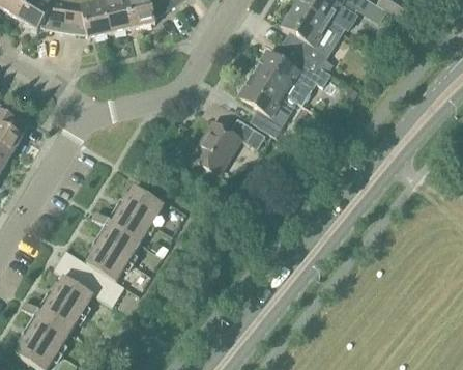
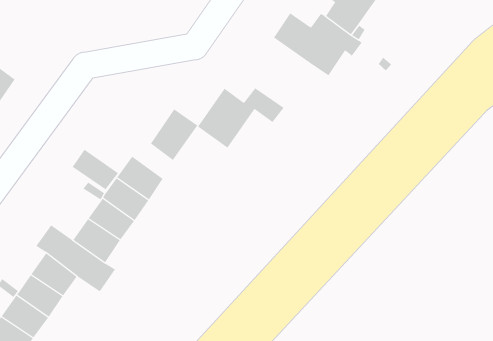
building: [238,75,289,136] -> none
building: none -> [150,108,198,161]
building: none -> [72,149,119,190]

